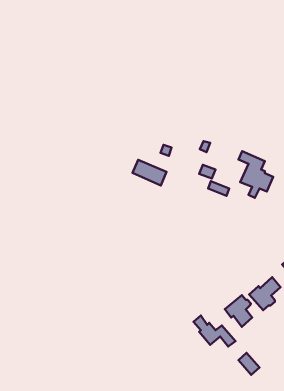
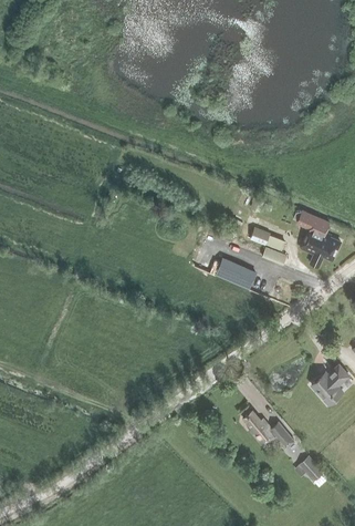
building: [133,160,166,185] -> [215,258,255,289]
building: [225,295,252,327] -> none

